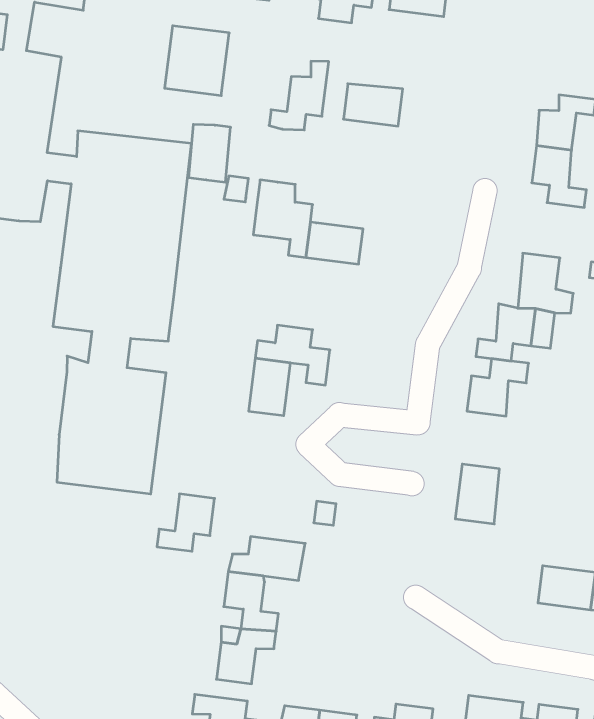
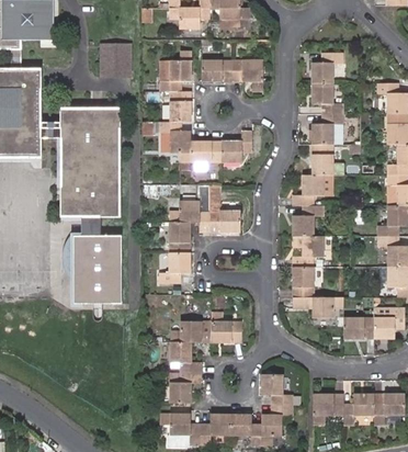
building: none -> [233,63,263,93]
building: [189,124,231,182] -> [169,92,191,123]
building: none -> [310,115,341,145]
building: none -> [220,132,251,162]
building: none -> [211,185,241,231]
building: none -> [291,236,322,265]
building: [157,494,215,551] -> [161,251,190,282]
building: none -> [292,295,343,316]
building: none -> [209,310,241,341]
building: none -> [262,371,293,403]

